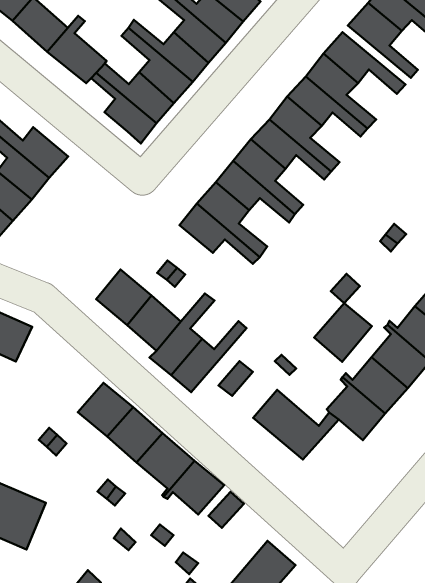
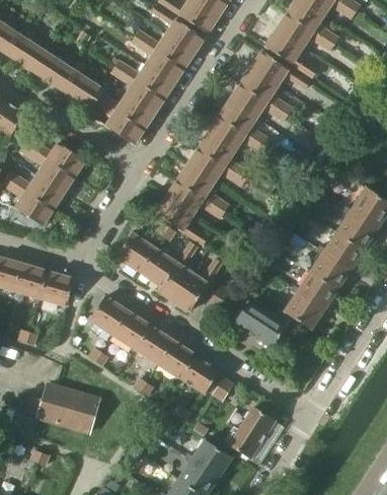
building: none -> [156,197,208,243]
building: [314,303,372,362] -> none
building: none -> [90,295,129,334]

